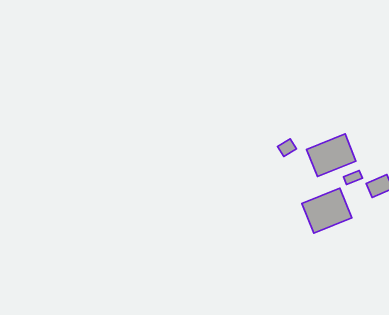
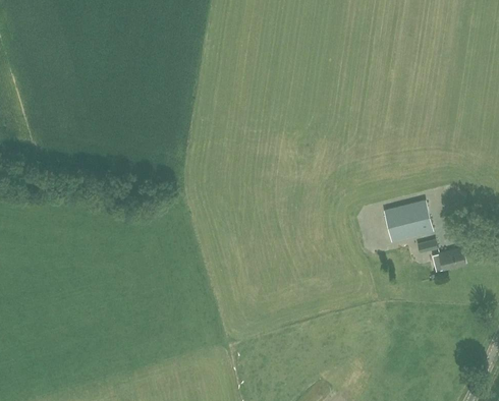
building: [302,188,352,233] -> none

